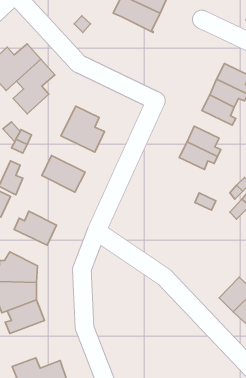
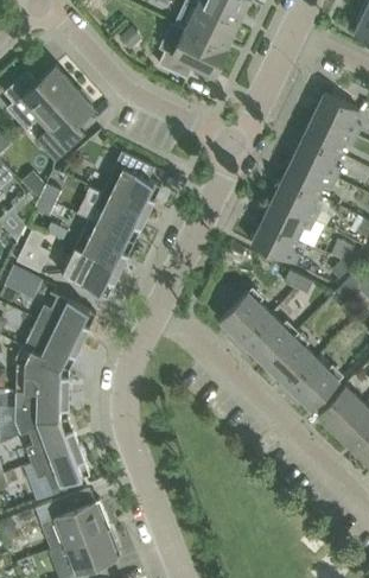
building: none -> [158,30,227,78]
building: none -> [282,158,335,196]
building: none -> [88,192,147,242]
building: none -> [252,222,298,265]
building: none -> [62,247,120,298]
building: none -> [220,291,339,409]
building: none -> [24,320,82,370]
building: none -> [31,445,89,489]

